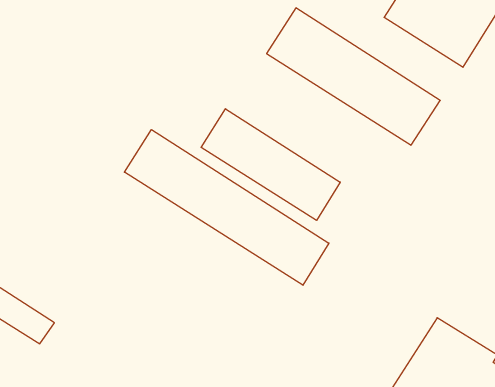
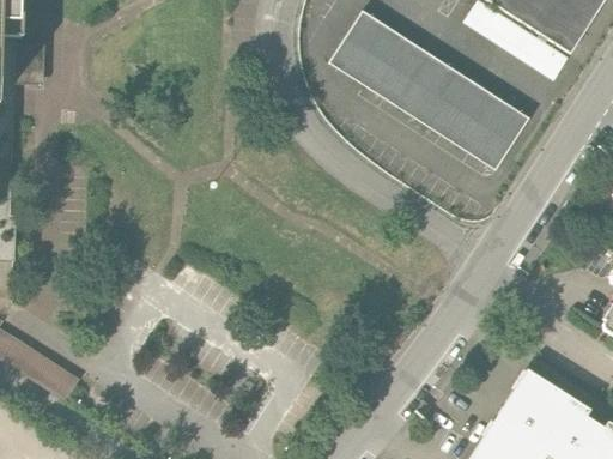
building: [201,109,340,220] -> none
building: [124,130,329,285] -> none

